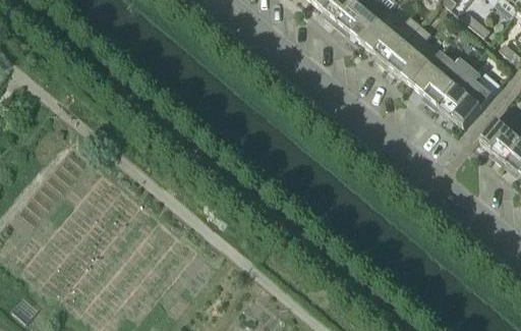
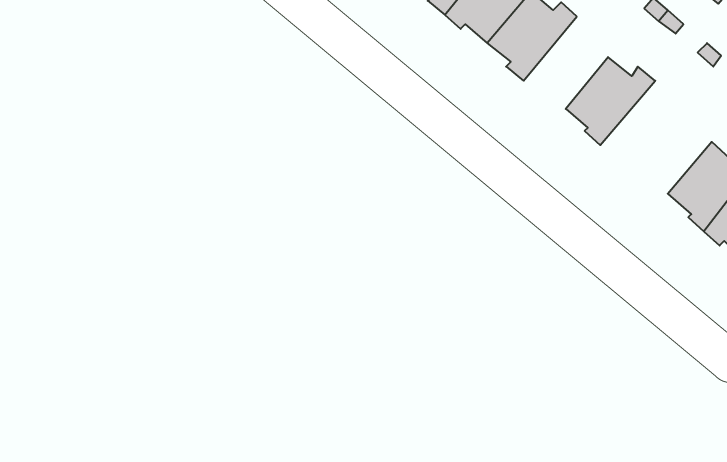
building: [386,23,441,84] -> none
building: [436,65,491,125] -> none

